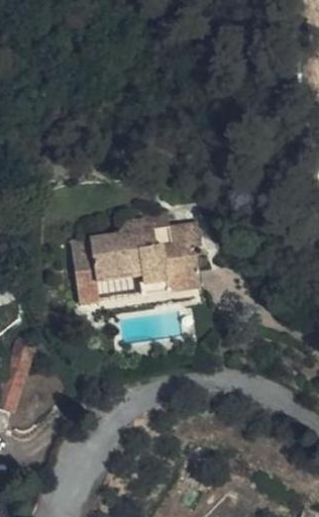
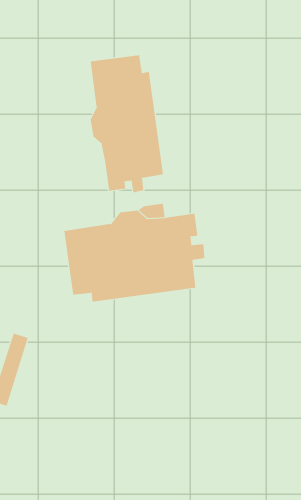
building: none -> [90,54,163,193]

